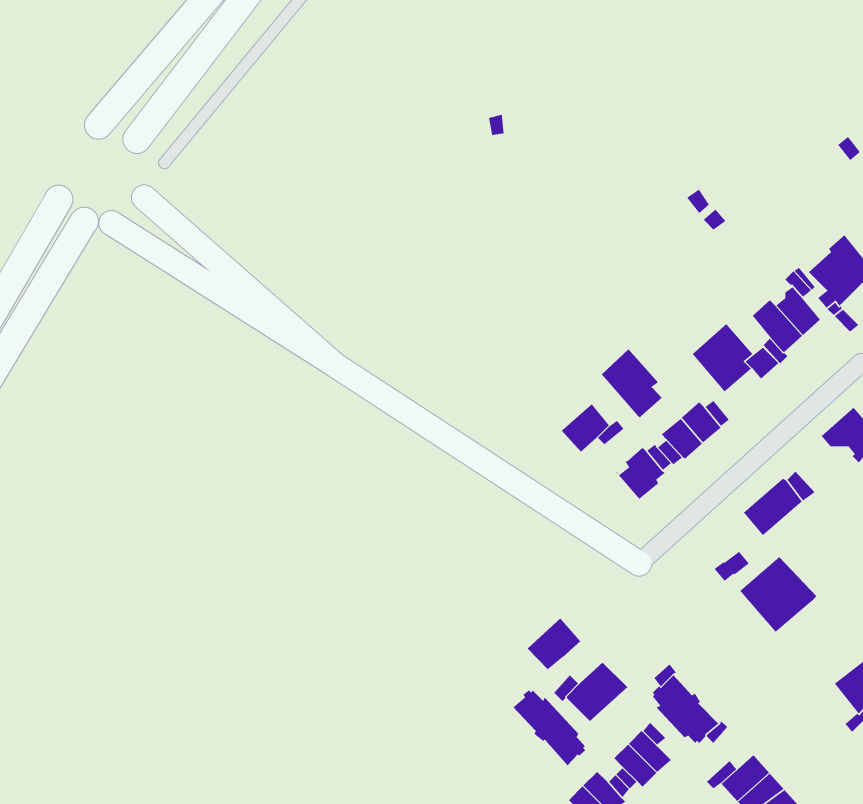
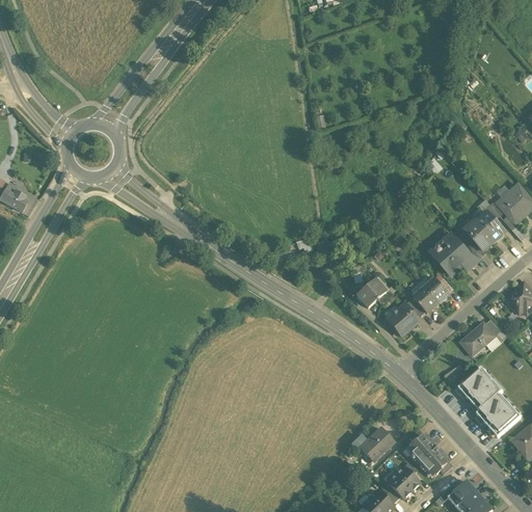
building: [601,349,663,418] -> none
building: none -> [476,393,520,436]
building: [527,618,581,670] -> none
building: [513,689,586,766] -> none

